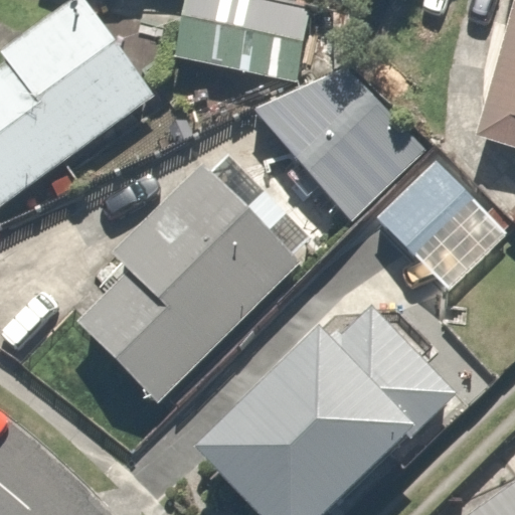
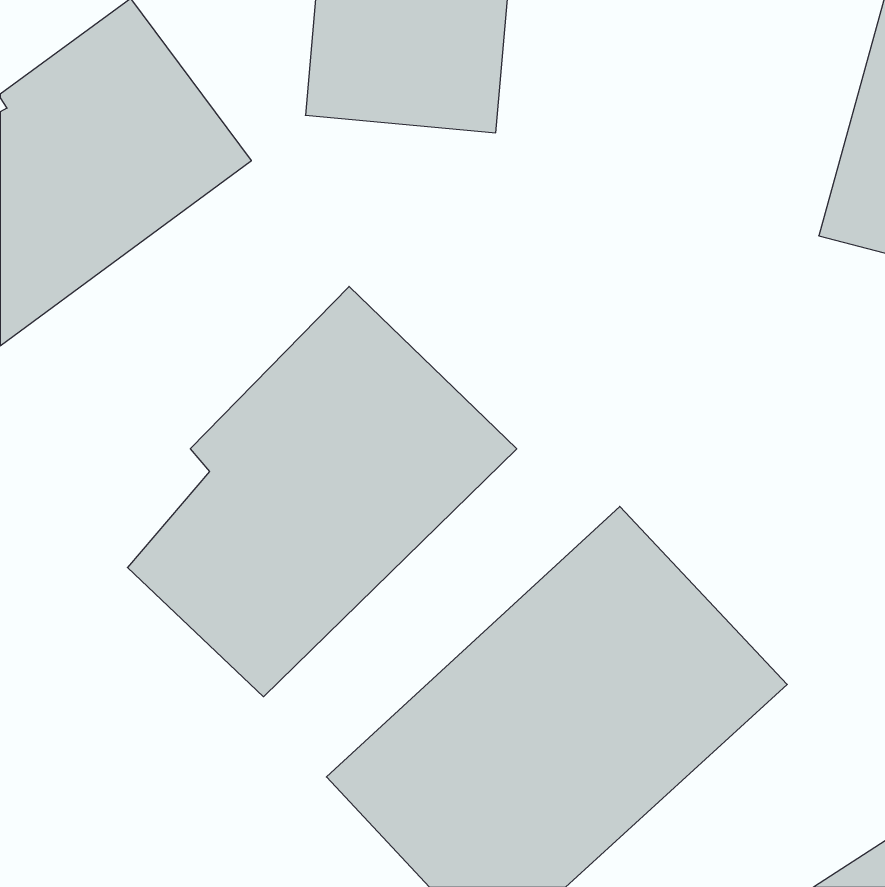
building: [255,70,427,221] -> none
building: [376,160,507,290] -> none

